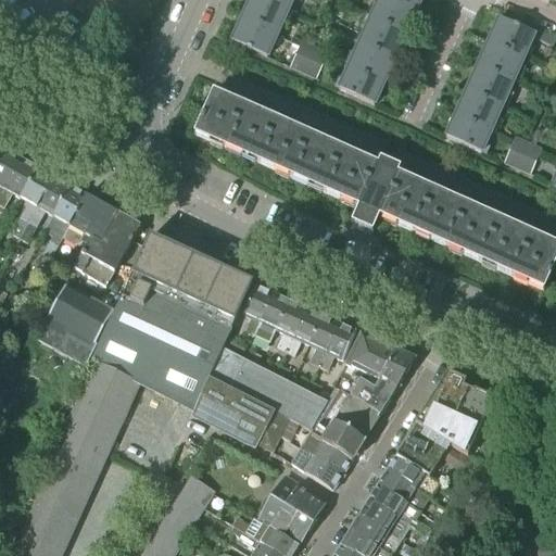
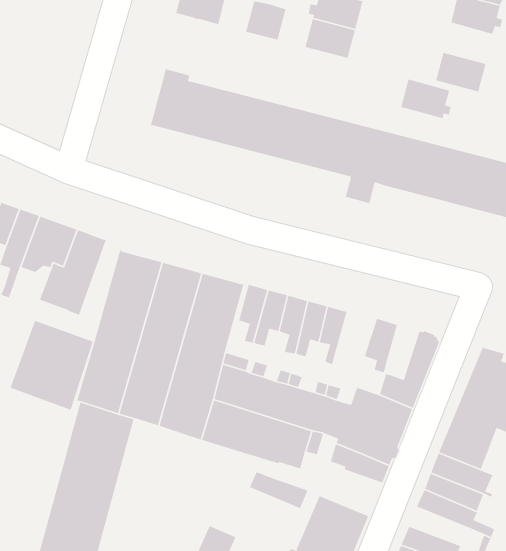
building: [457,85,503,125] -> [400,79,452,119]
building: [317,318,356,367] -> none
building: [364,337,396,384] -> none
building: [292,447,343,486] -> [249,471,309,509]
building: [359,496,410,536] -> none

